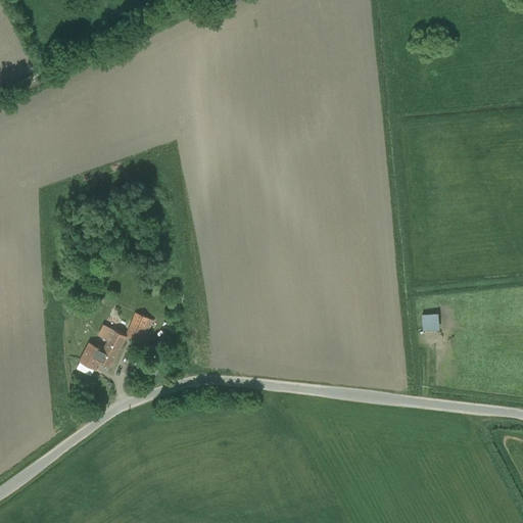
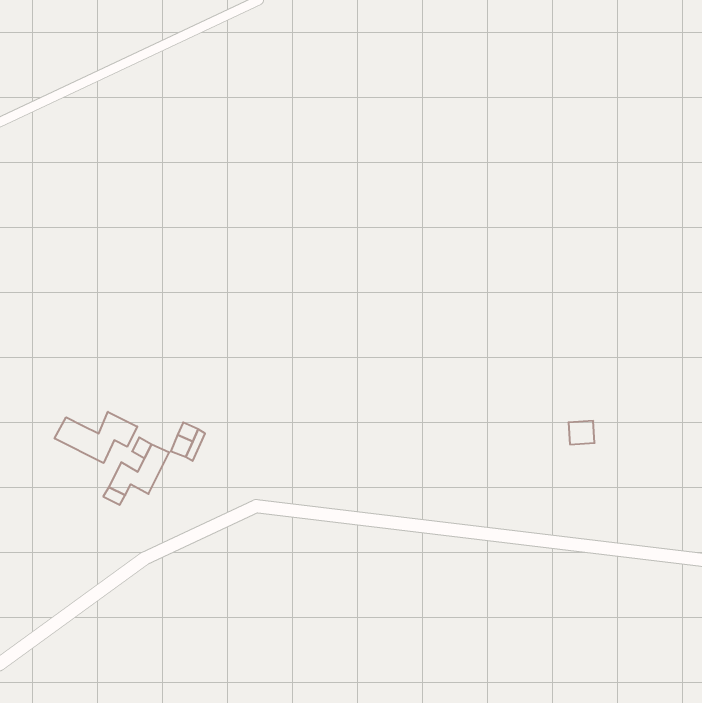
building: none -> [55,412,137,463]

